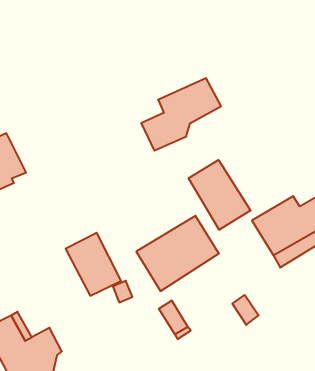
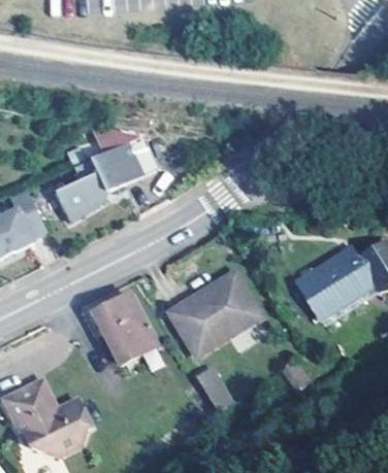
building: [141,78,221,151] -> [57,140,144,219]
building: [188,160,251,230] -> none

